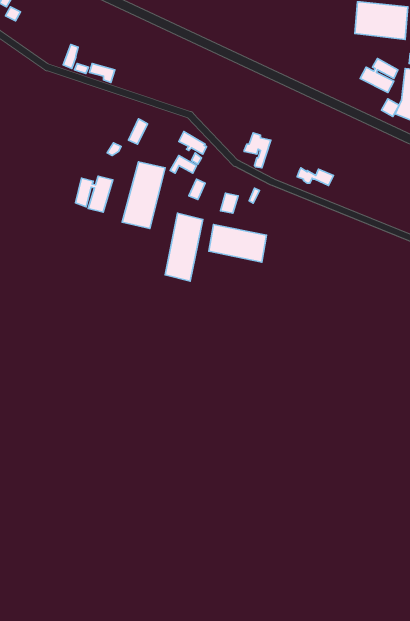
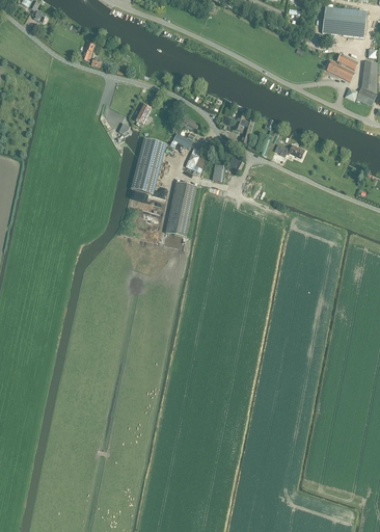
building: [75,176,113,212] -> none
building: [209,224,266,262] -> none

